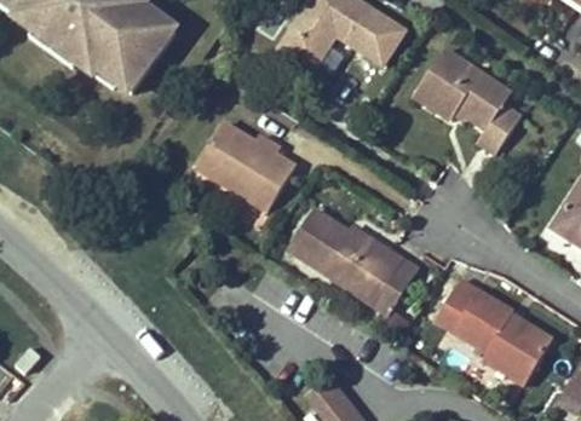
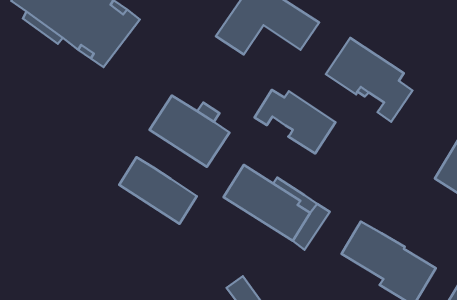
building: none -> [254,90,335,154]
building: none -> [119,157,197,224]

